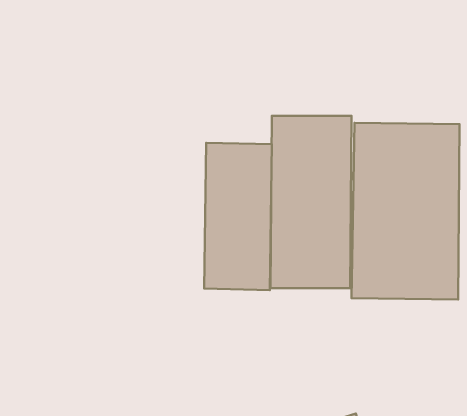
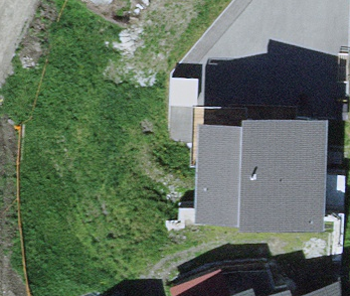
building: [204,143,272,290] -> none

